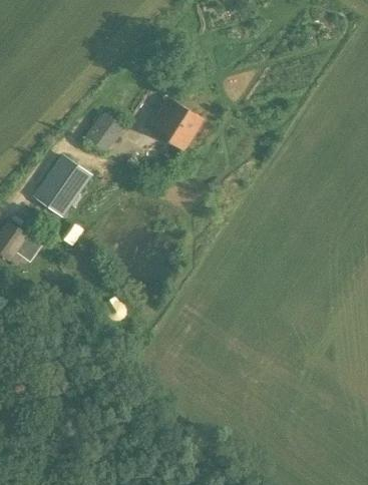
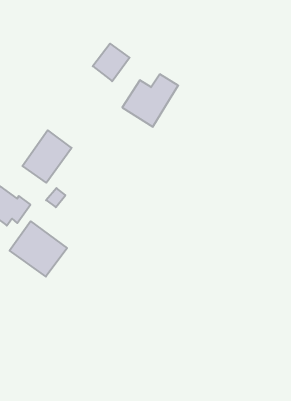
building: [83,112,125,155] -> [93,44,130,81]
building: none -> [10,221,67,277]

